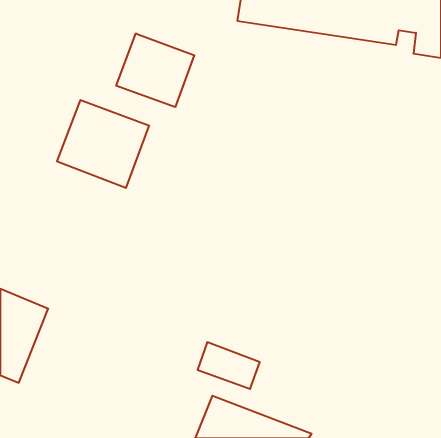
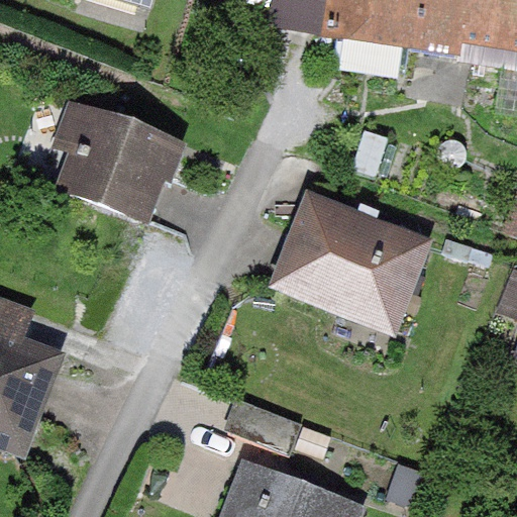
building: [116,33,194,107] -> none
building: none -> [279,200,428,320]

